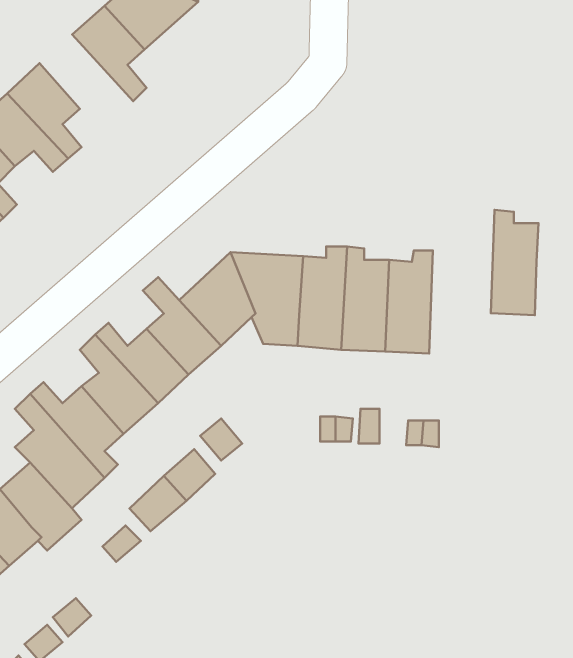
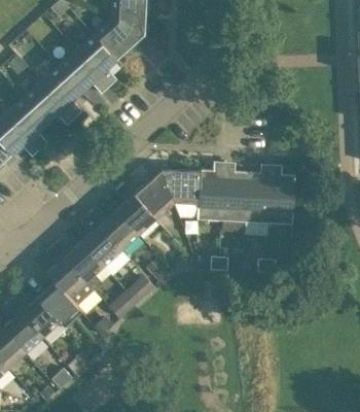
building: none -> [59,52,109,95]
building: [491,210,539,315] -> [268,168,294,225]

